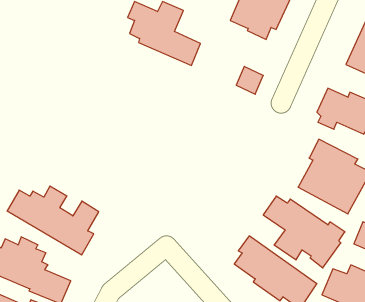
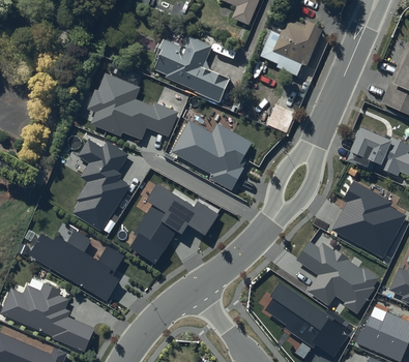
building: none -> [87,71,179,139]
building: none -> [172,120,253,190]
building: none -> [72,138,129,230]
building: none -> [129,183,220,264]

